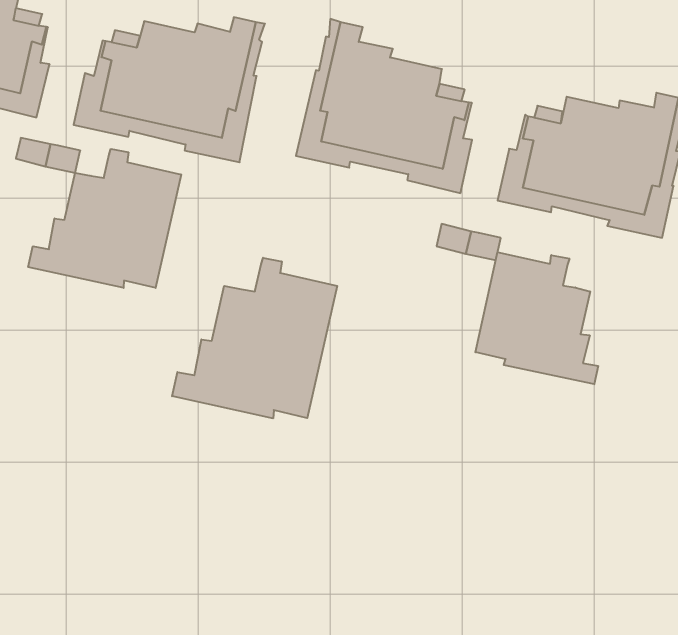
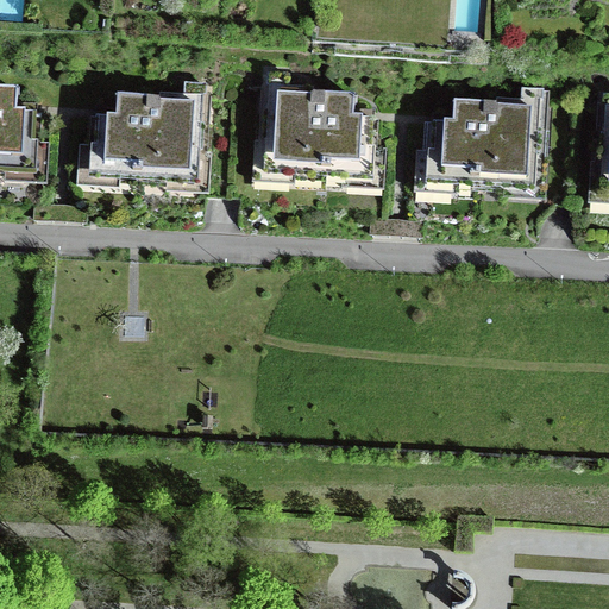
building: [28,149,181,288] -> none
building: [475,252,598,384] -> none
building: [172,258,337,418] -> none

